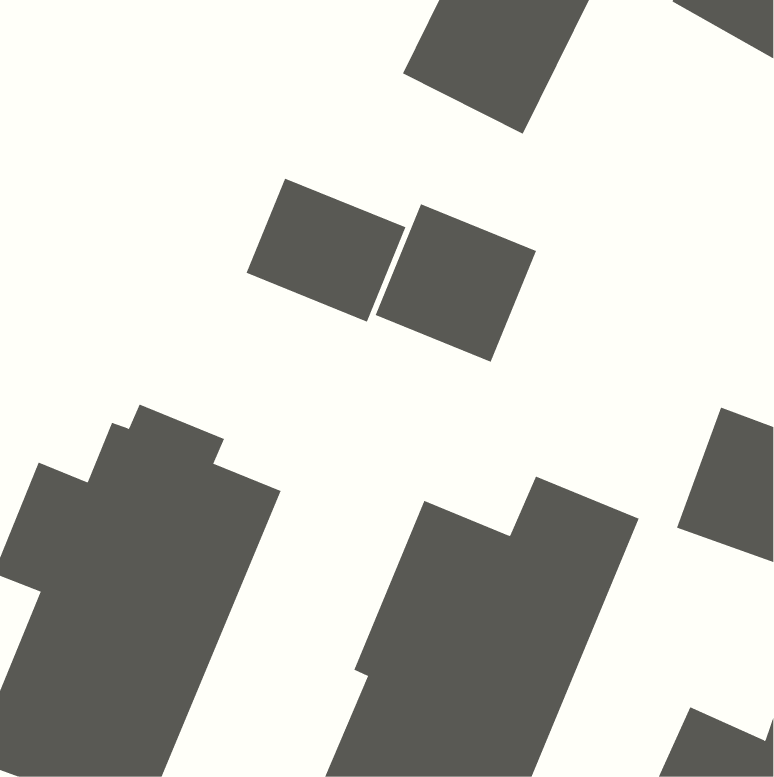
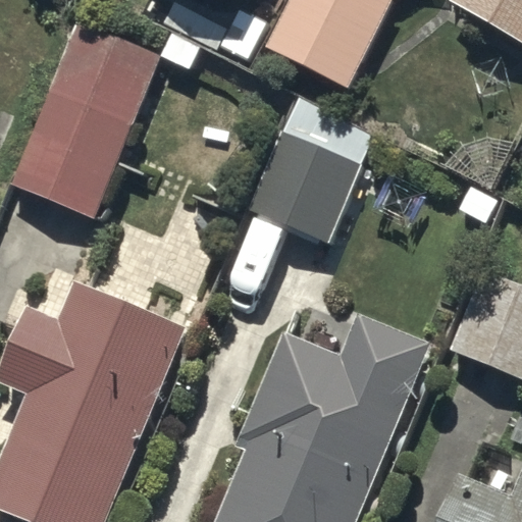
building: none -> [11,29,159,218]
building: [246,178,406,323] -> none

